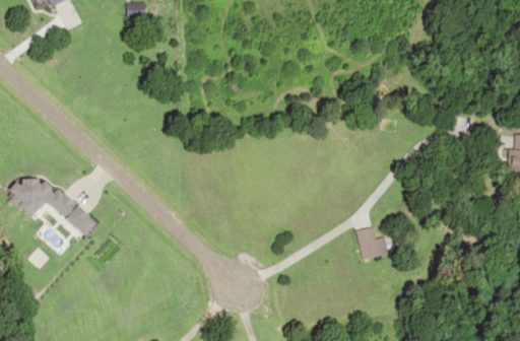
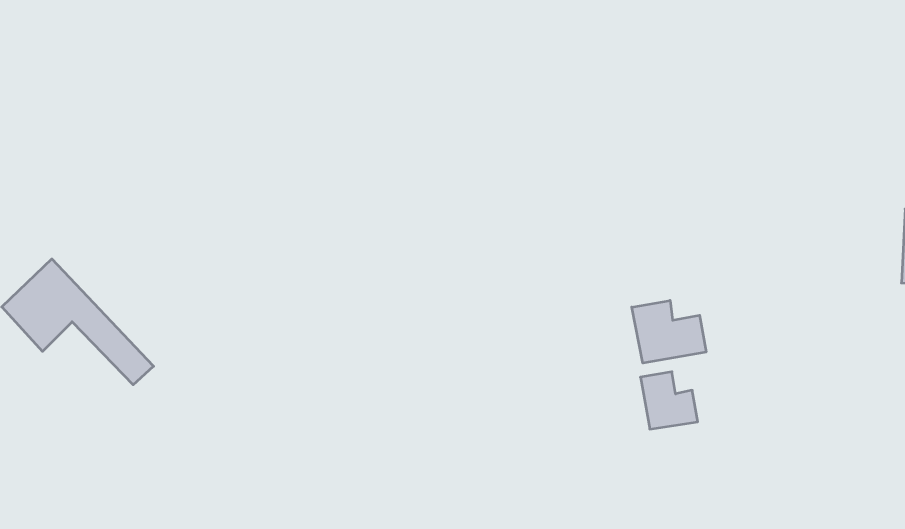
building: none -> [632,300,706,363]

